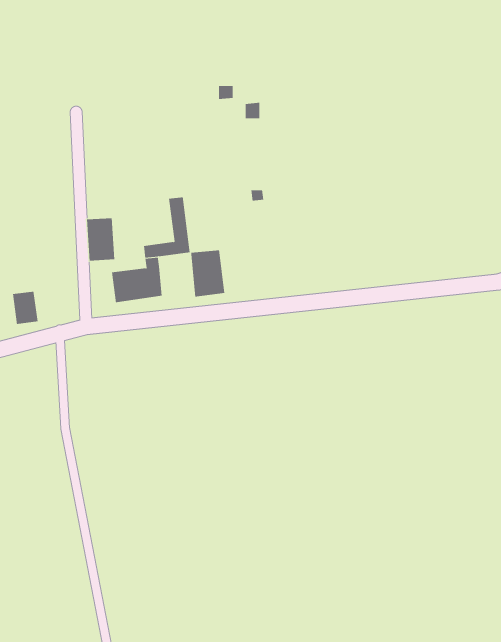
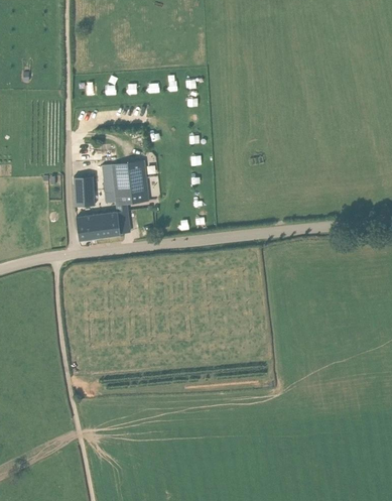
building: [190,250,225,297] -> [111,161,136,196]
building: [12,291,39,324] -> [75,215,94,239]

